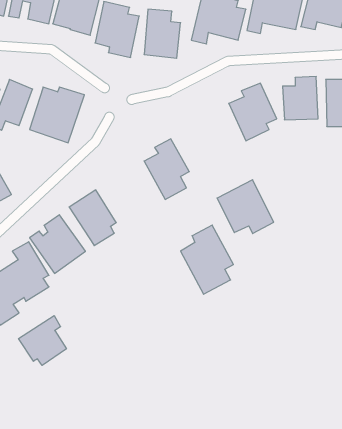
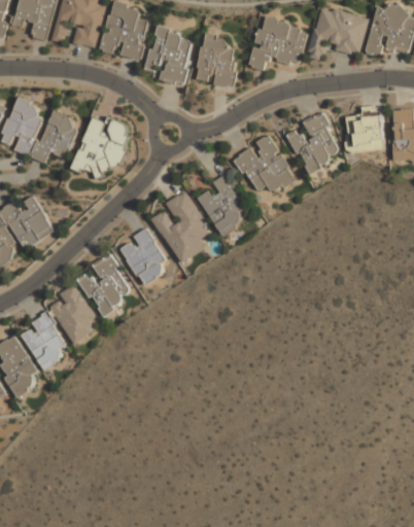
building: [217,180,274,234] -> [234,136,295,194]
building: [181,225,233,294] -> [152,190,209,265]
building: [19,316,66,365] -> none

